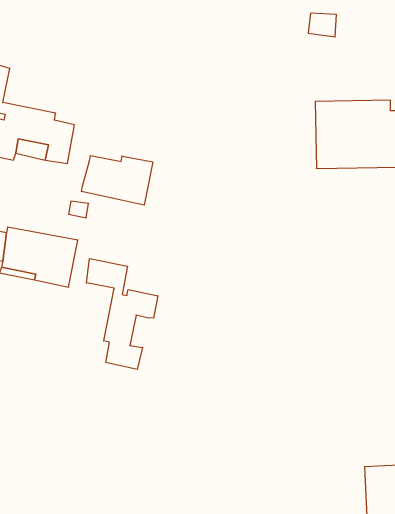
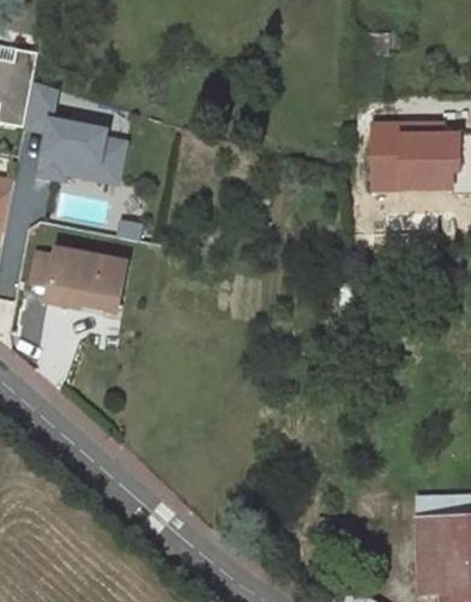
building: [81,156,153,205] -> none
building: [86,259,158,369] -> none

